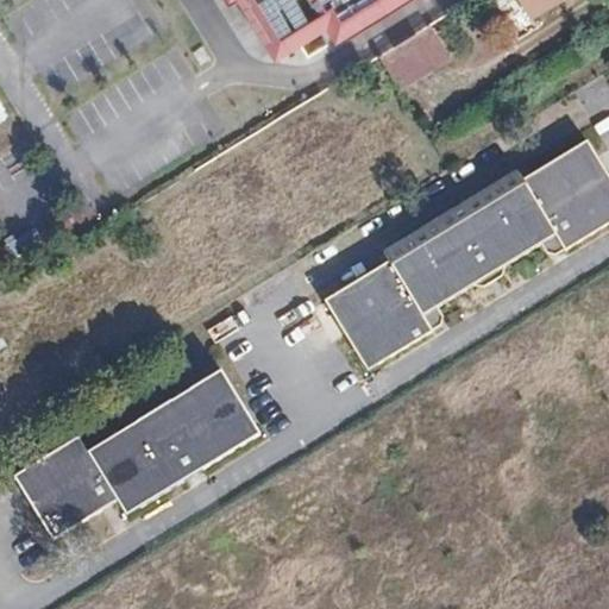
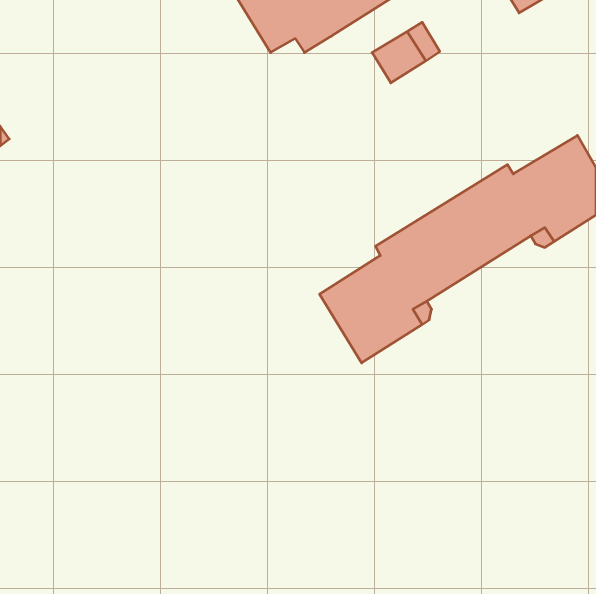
building: [15,369,257,536] -> none

